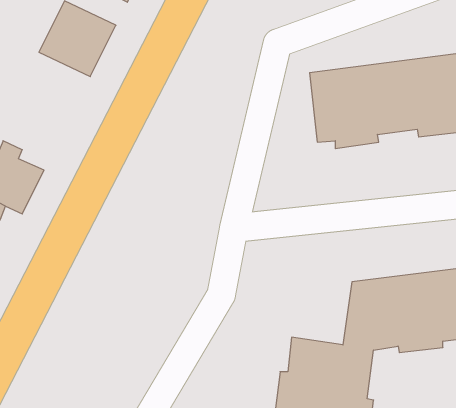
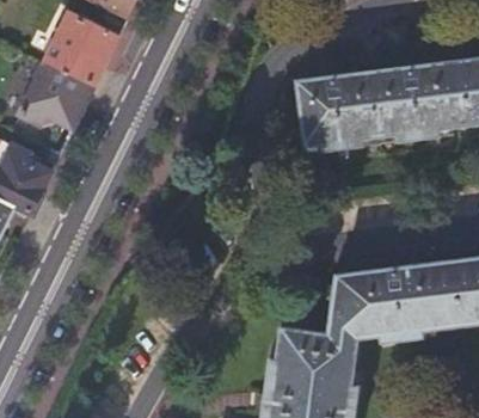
building: none -> [18,62,93,130]

